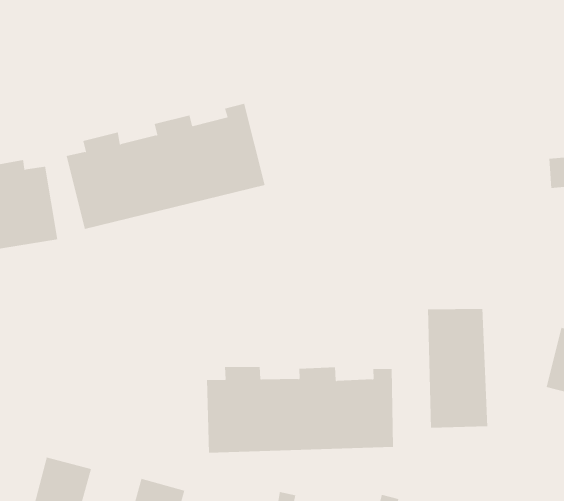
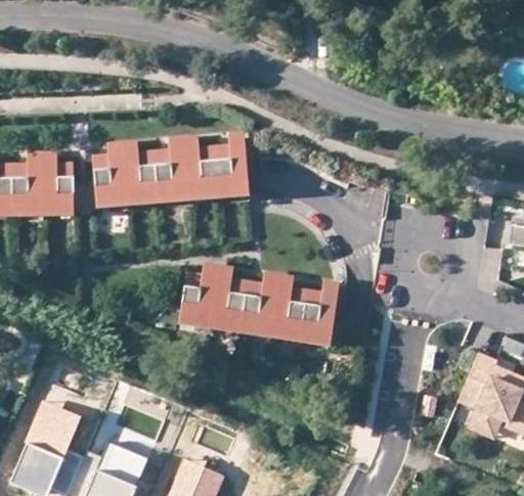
building: [428,308,488,428] -> none
building: [206,367,394,453] -> [182,263,343,349]

